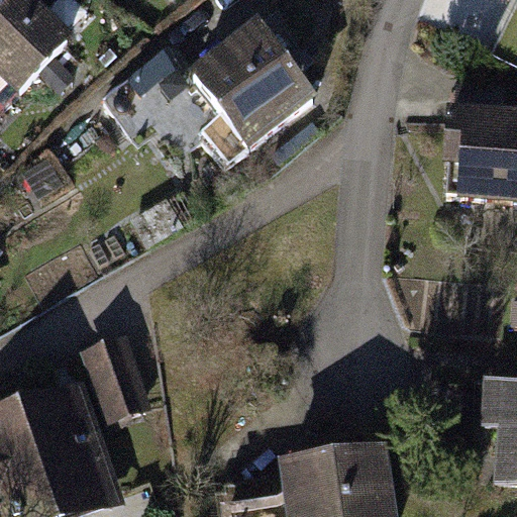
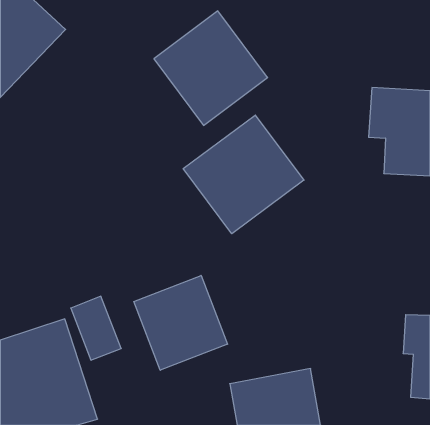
building: none -> [183,115,304,234]
building: none -> [134,275,228,370]

